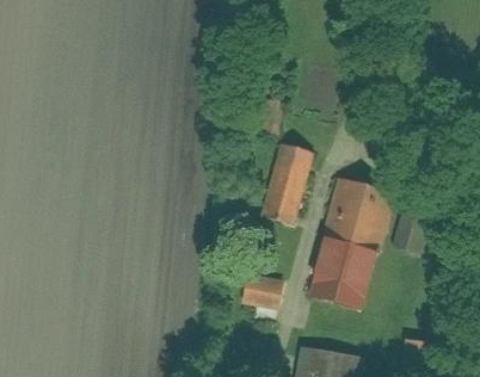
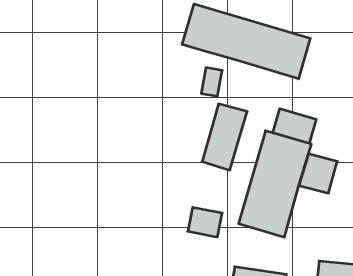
building: none -> [182,4,310,79]
building: none -> [273,109,316,143]

